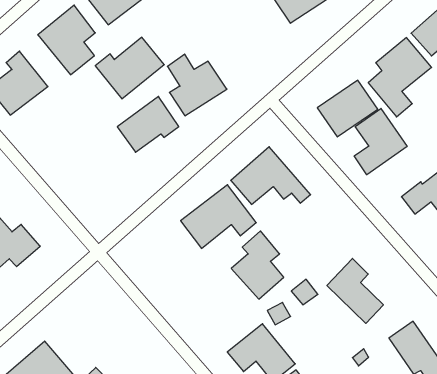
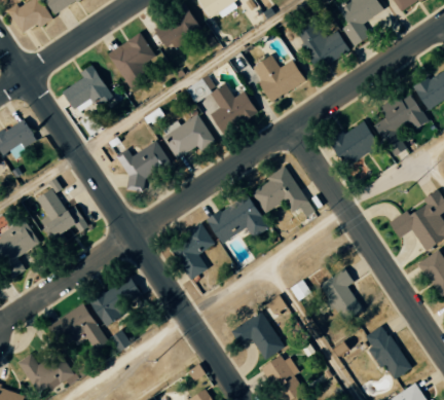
building: none -> [252,54,304,102]
building: [95,37,164,99] -> [115,140,172,188]
building: [354,108,407,175] -> none
building: [231,231,284,299] -> [173,223,215,279]
building: none -> [89,277,144,326]

